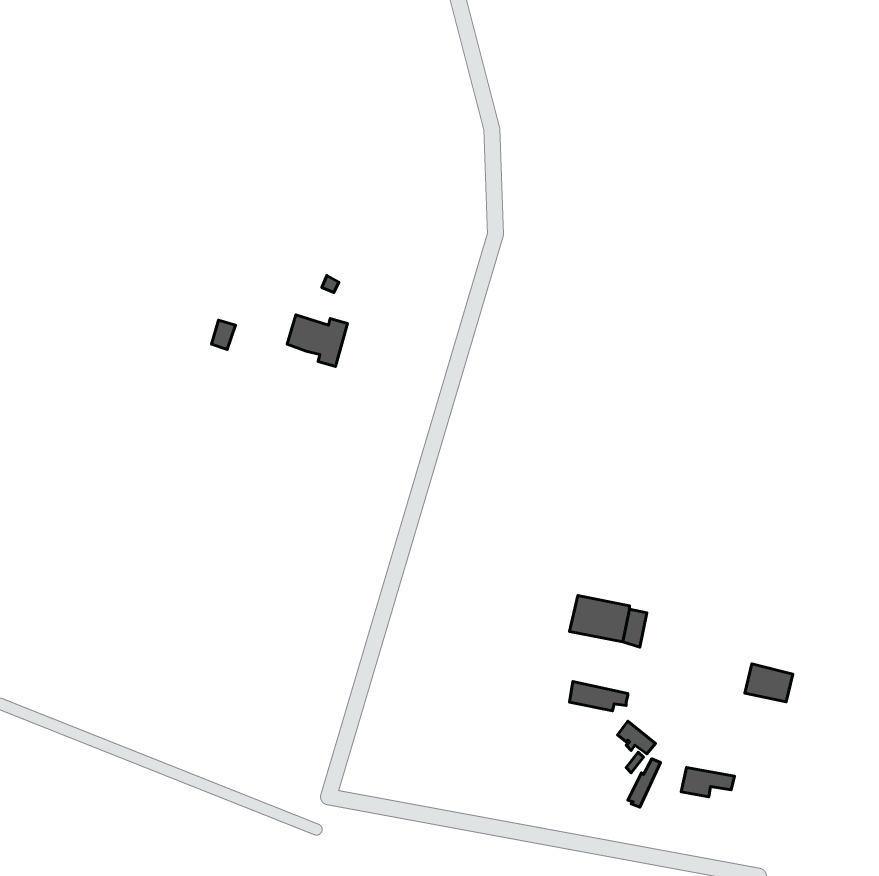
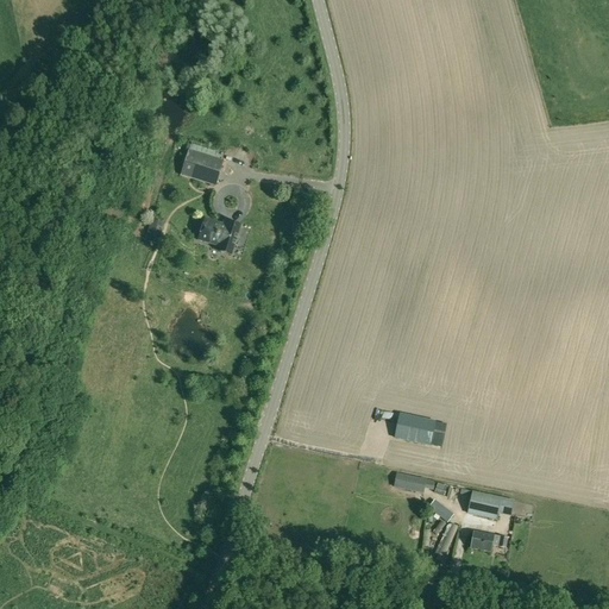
building: none -> [181,149,224,184]
building: [745,664,793,702] -> [467,491,501,517]

